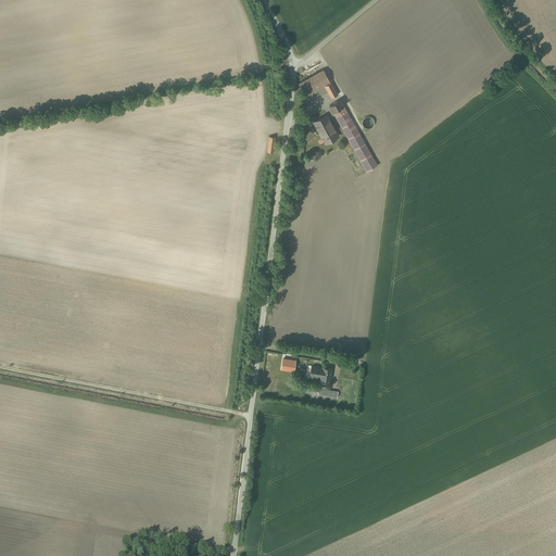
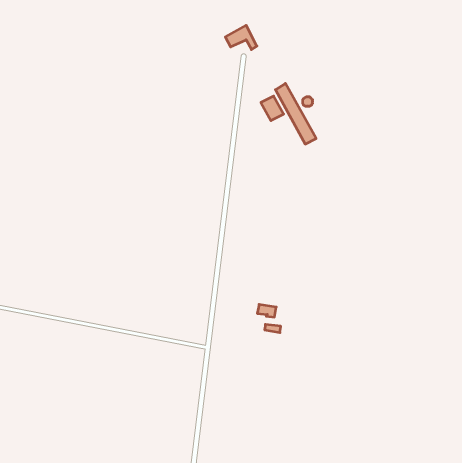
building: [300,71,338,100] -> [225,25,257,50]

